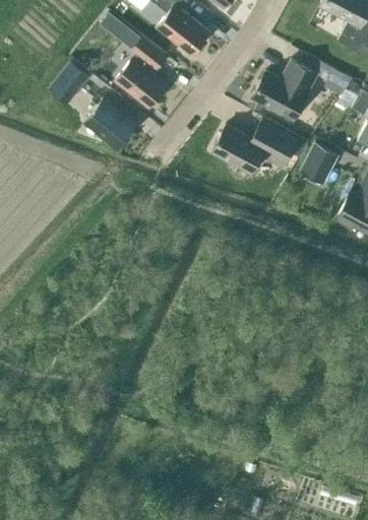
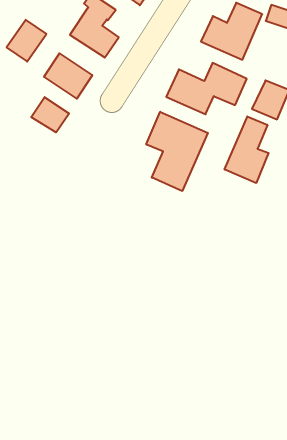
building: none -> [31,97,69,132]
building: none -> [146,112,208,191]
building: none -> [225,116,269,183]

